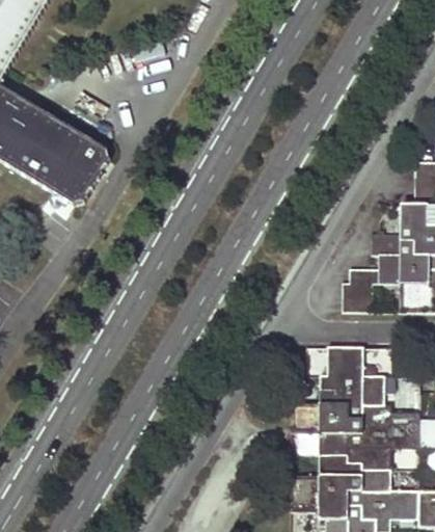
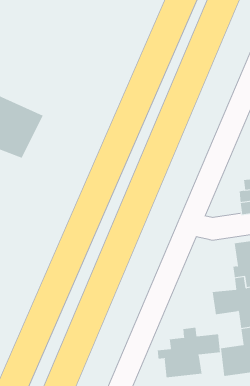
building: none -> [157,327,221,378]

